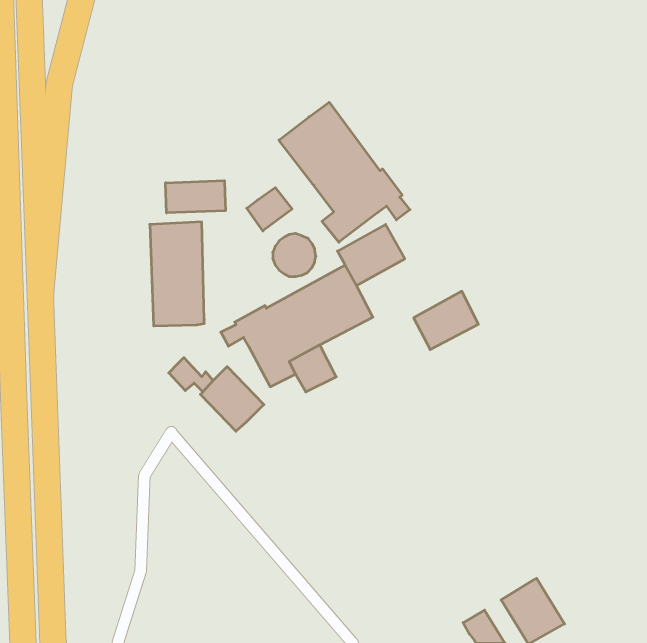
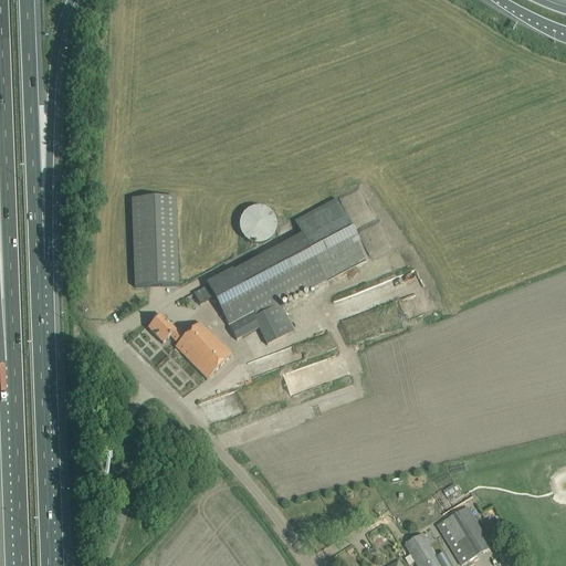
building: [279,102,410,242] -> none
building: [166,181,225,213] -> none
building: [247,188,292,231] -> none
building: [414,291,478,350] -> [311,226,367,276]

